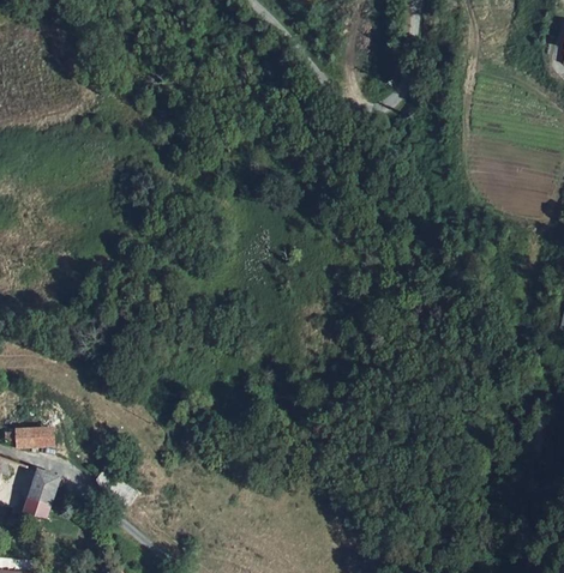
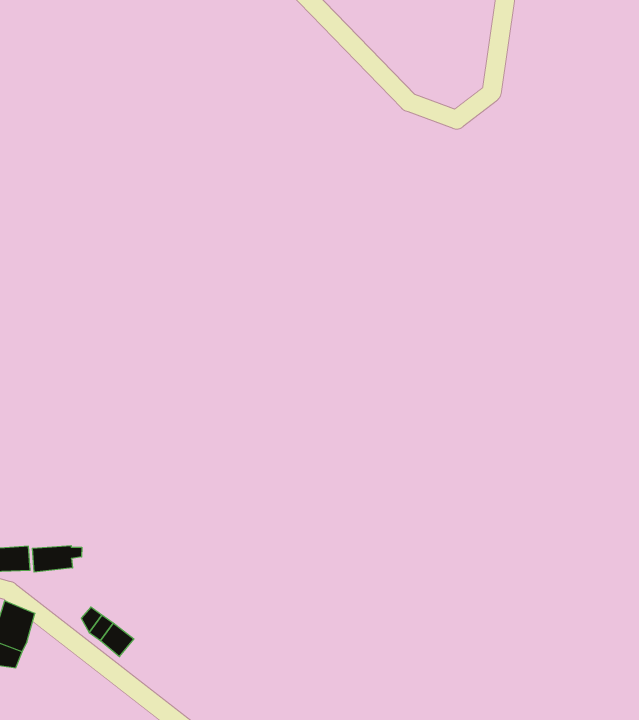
building: none -> [32,546,82,572]

